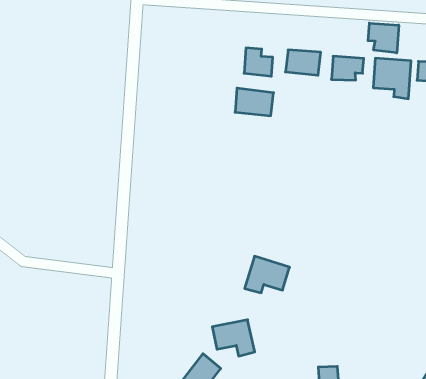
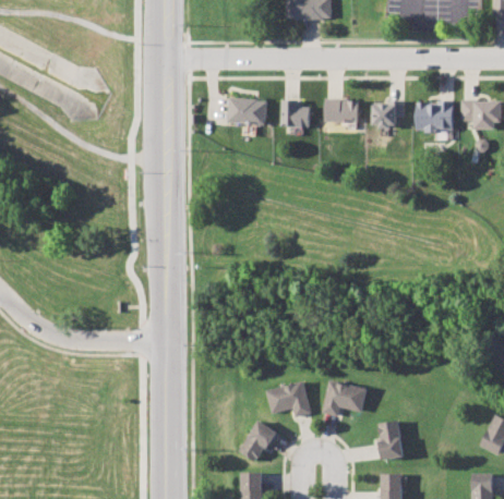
building: [368,23,399,53] -> none
building: [235,88,274,116] -> [228,98,266,124]
building: [245,256,290,293] -> [323,379,368,416]

